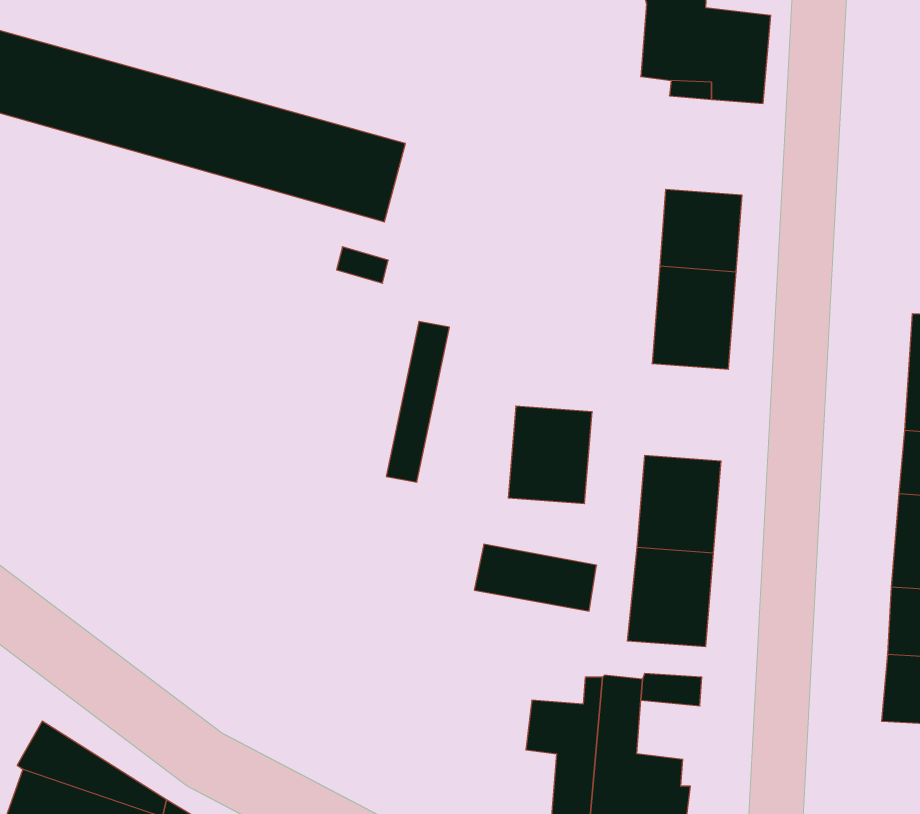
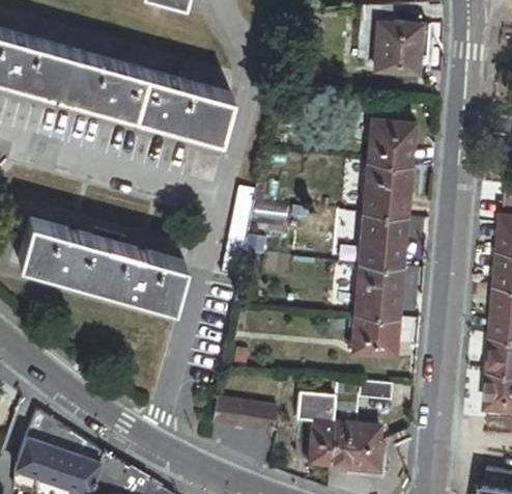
building: none -> [18,222,183,307]
building: [508,406,592,504] -> [361,216,406,269]
building: [474,544,597,611] -> [210,399,277,435]

